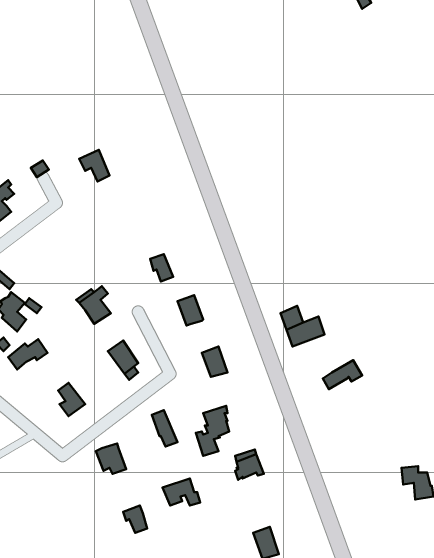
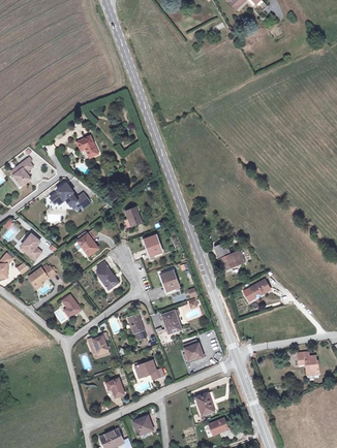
building: none -> [51,184,90,206]

